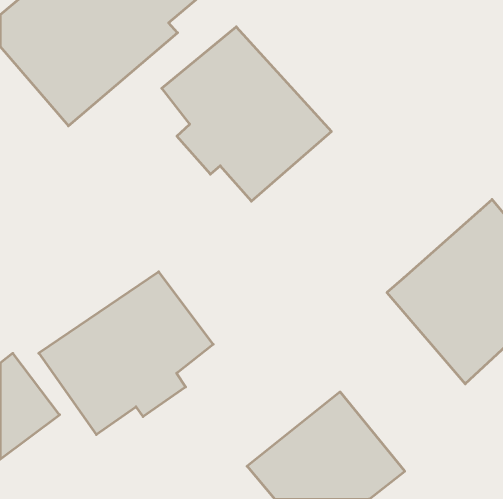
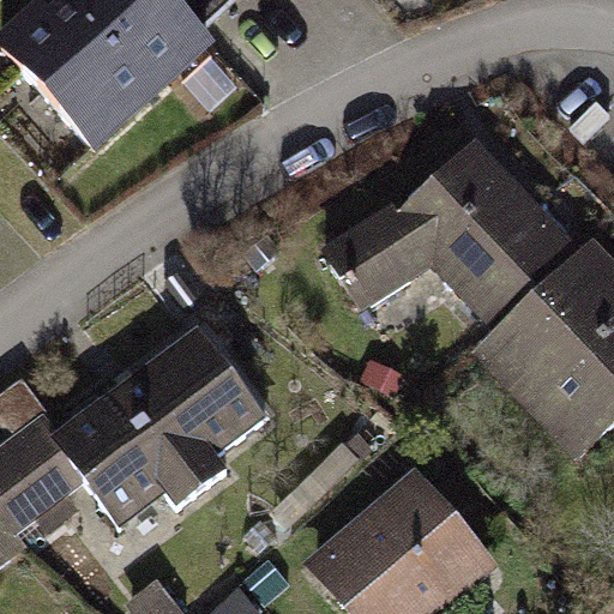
building: [162,27,331,201] -> none
building: none -> [321,137,585,336]

